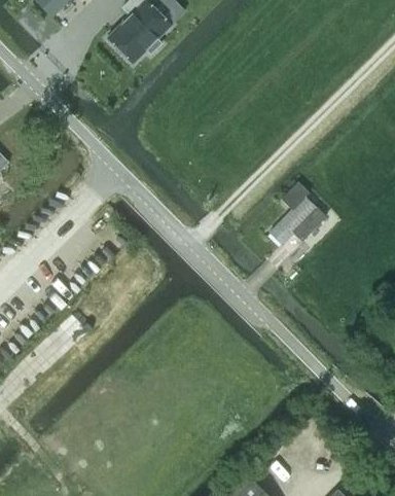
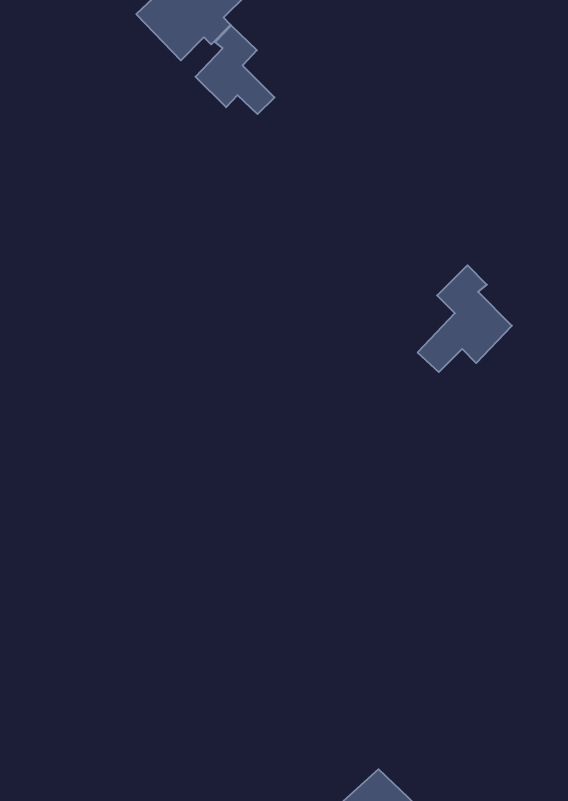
building: none -> [195,26,275,114]

